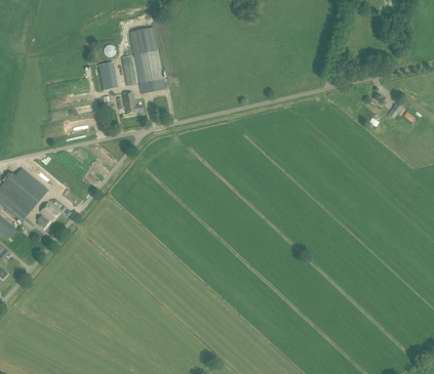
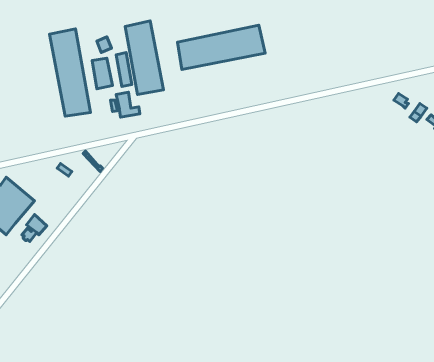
building: none -> [177,25,265,70]
building: none -> [50,29,90,116]

